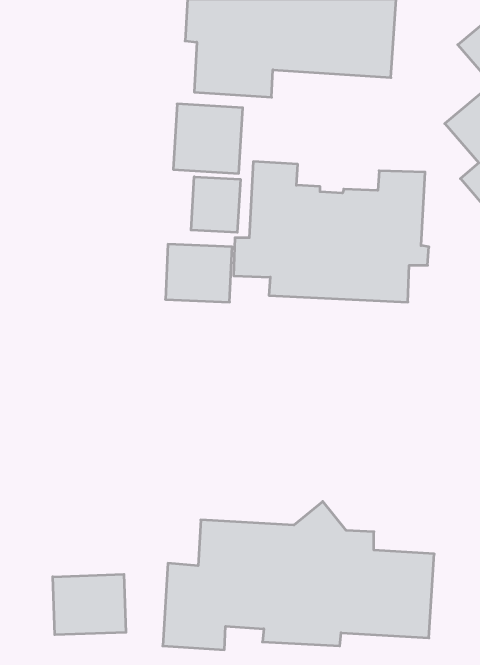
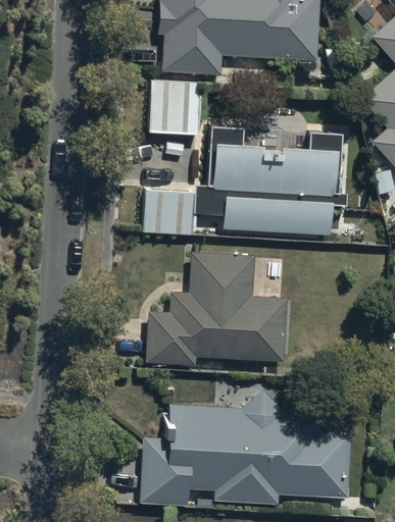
building: [191,177,240,232] -> none
building: none -> [145,252,287,365]
building: [53,574,126,635] -> none

